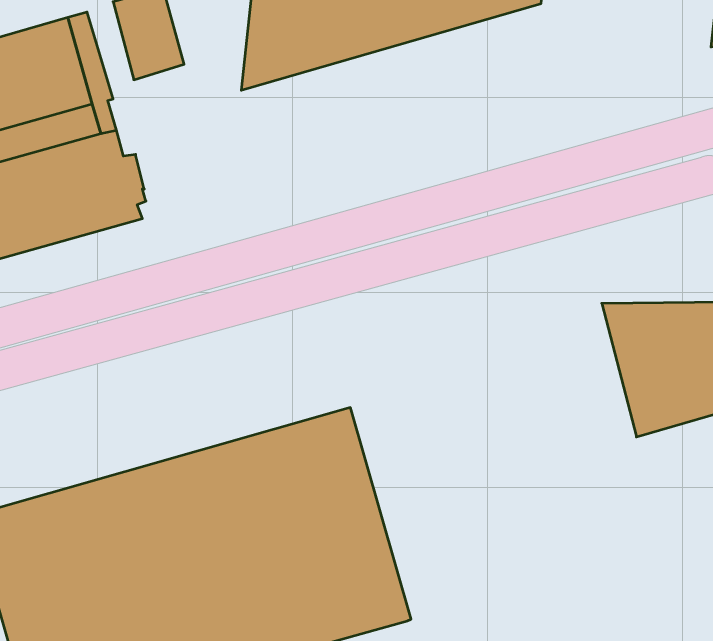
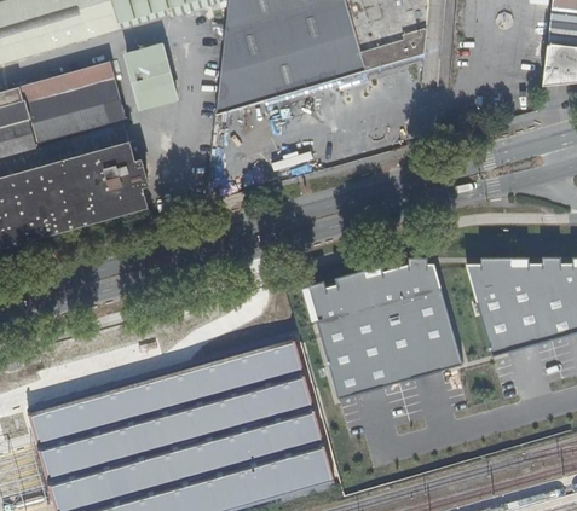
building: none -> [311,263,465,399]

